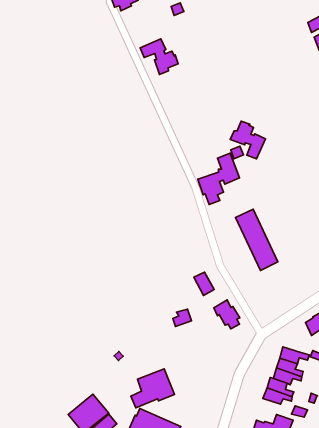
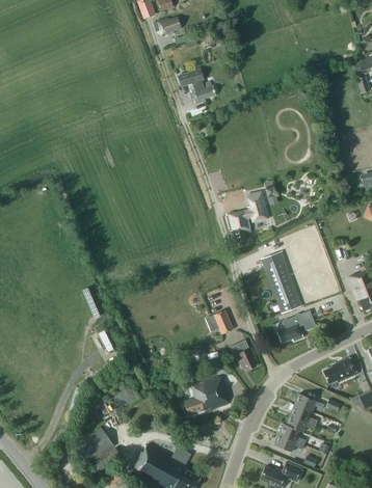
building: [230,121,266,159] -> none
building: none -> [277,311,315,343]
building: [131,369,174,408] -> [184,377,229,414]

